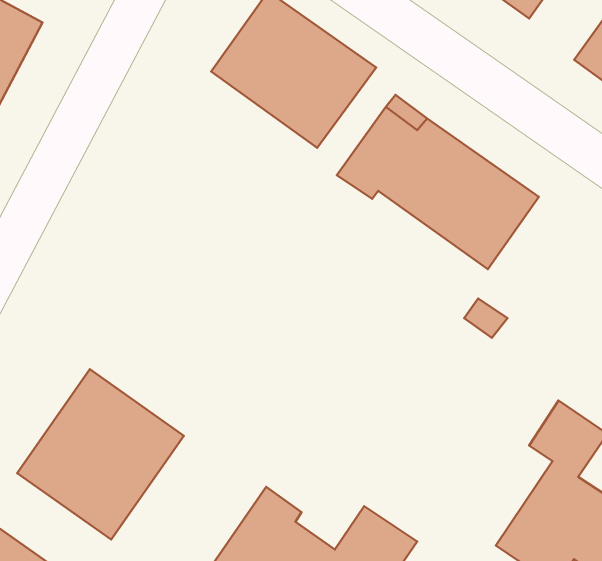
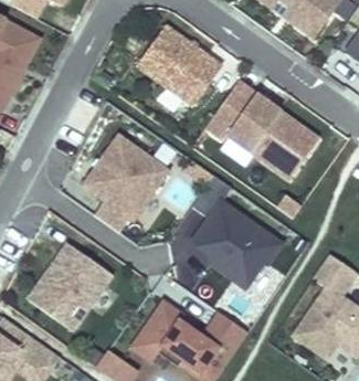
building: none -> [82,135,167,233]
building: none -> [191,177,281,288]

